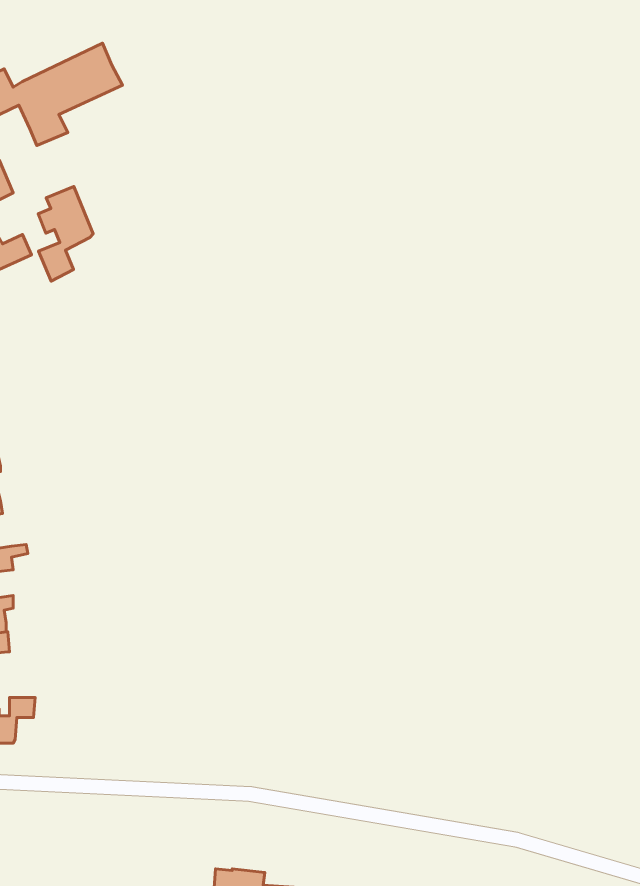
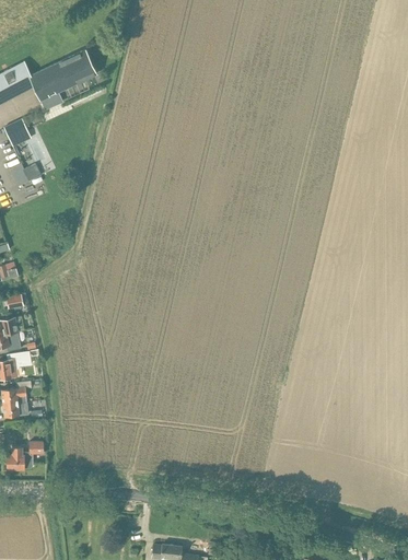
building: [38,186,93,281] -> none

